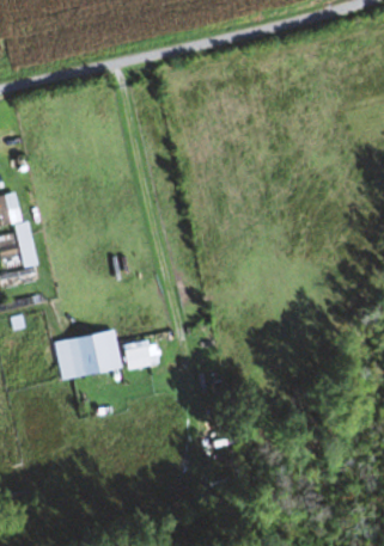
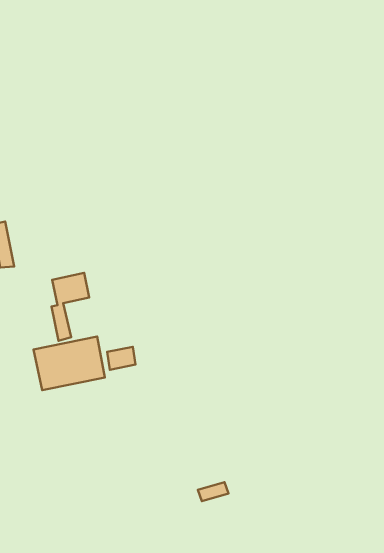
building: none -> [52,273,89,341]

